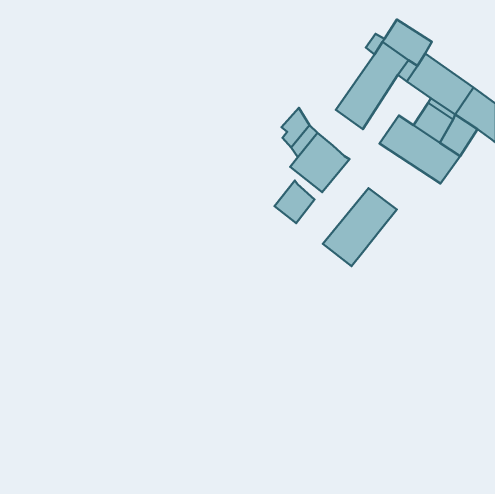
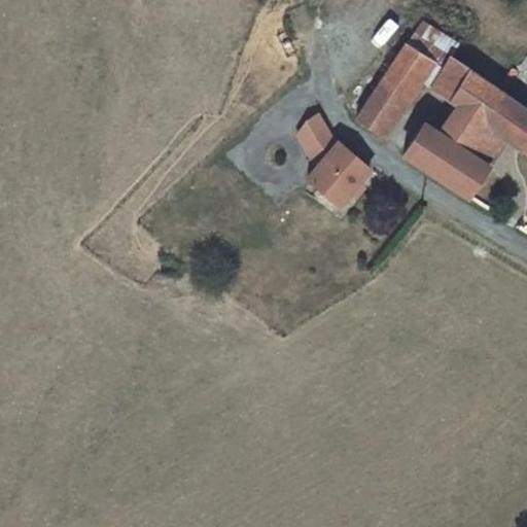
building: [275,180,315,223] -> none
building: [323,188,397,266] -> none

